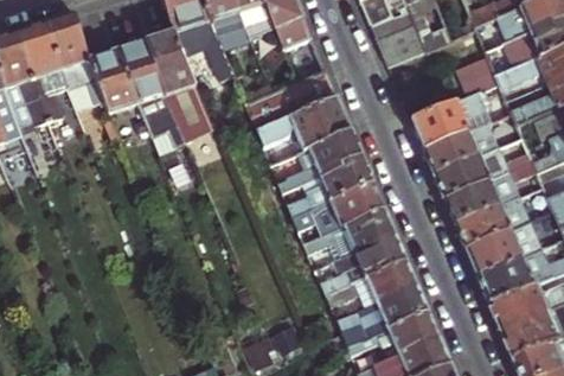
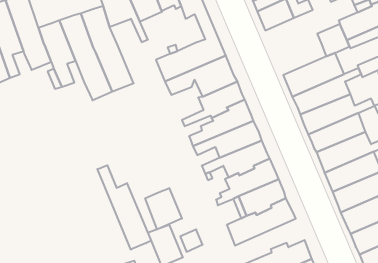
building: none -> [97,165,151,250]
building: none -> [145,188,182,229]
building: [346,311,438,364] -> none

